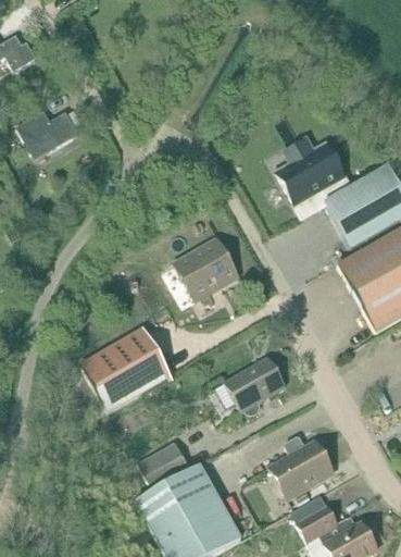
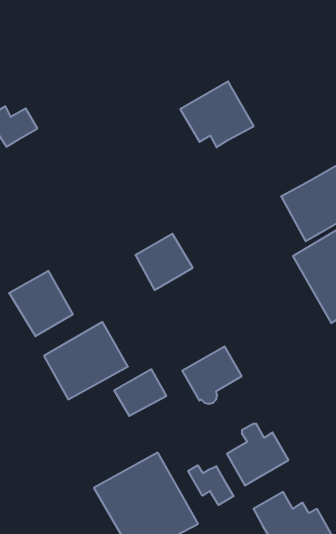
building: [276,143,351,210] -> [180,81,254,147]
building: none -> [9,271,73,336]
building: [137,441,190,488] -> [114,369,166,416]
building: none -> [188,465,234,505]

